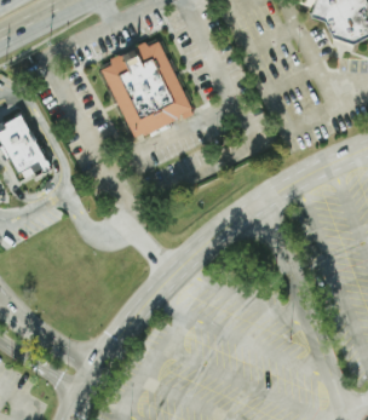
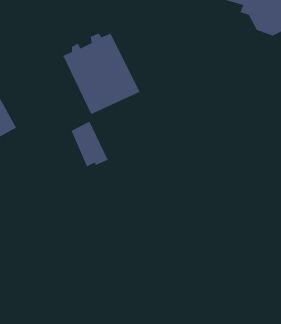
building: none -> [70,121,109,167]

